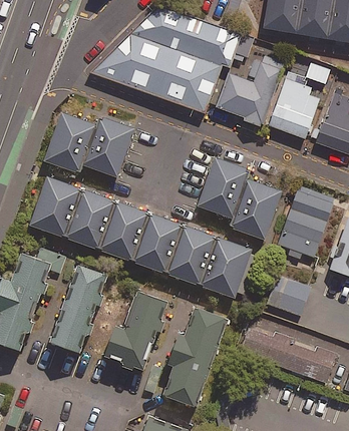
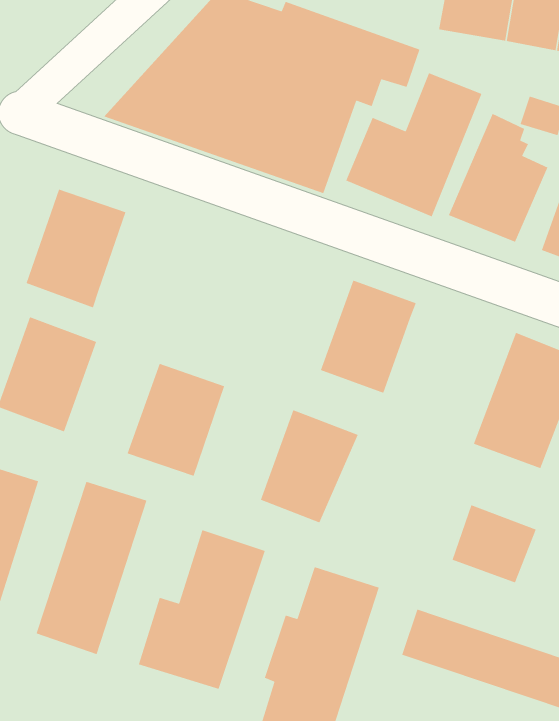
building: [84,116,136,177] -> none
building: [229,178,283,240] -> none
building: [66,190,115,249] -> none
building: [133,213,185,273] -> none
building: [199,239,253,298] -> none

